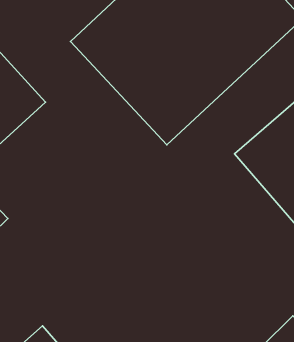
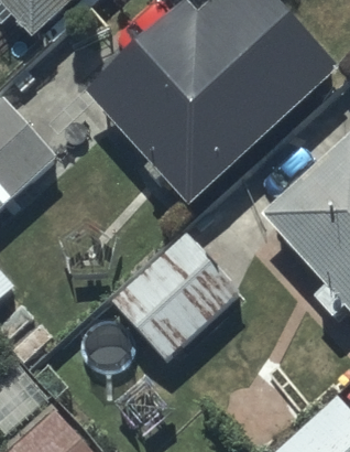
building: none -> [109,230,240,360]

